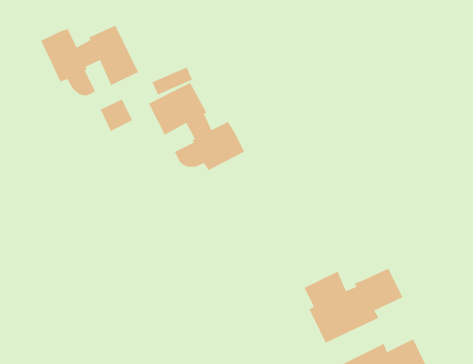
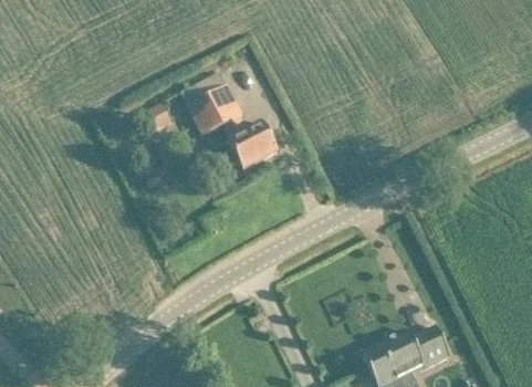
building: [41,25,139,96] -> none
building: [304,268,403,343] -> none

